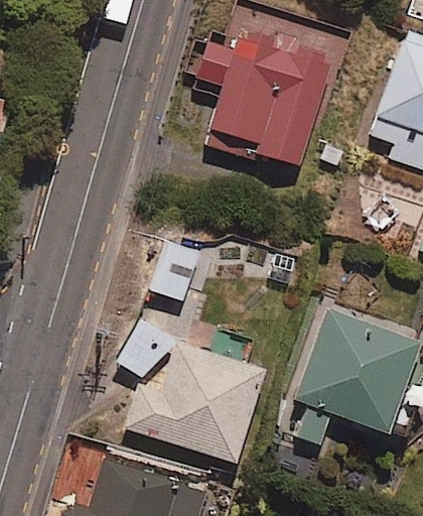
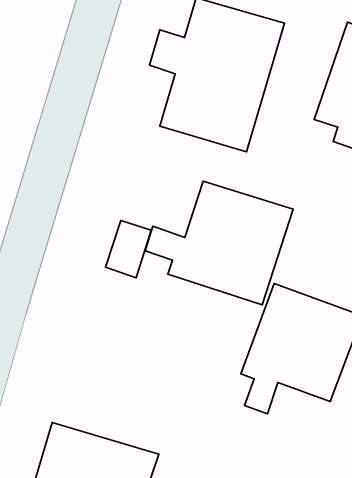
building: none -> [145,181,293,305]
building: [125,343,265,464] -> none

